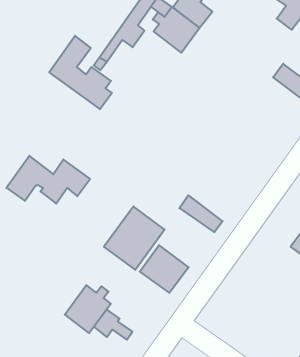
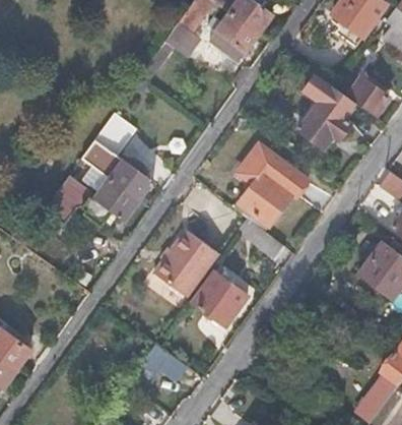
building: [49,36,112,109] -> [81,118,150,199]
building: none -> [297,86,354,148]
building: none -> [238,144,309,226]
building: [65,285,111,333] -> none

